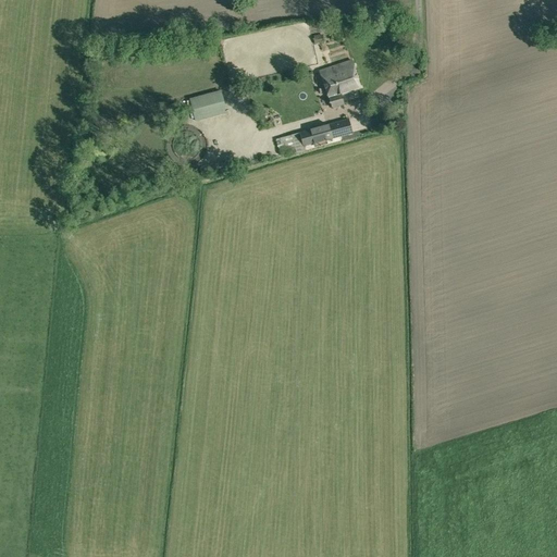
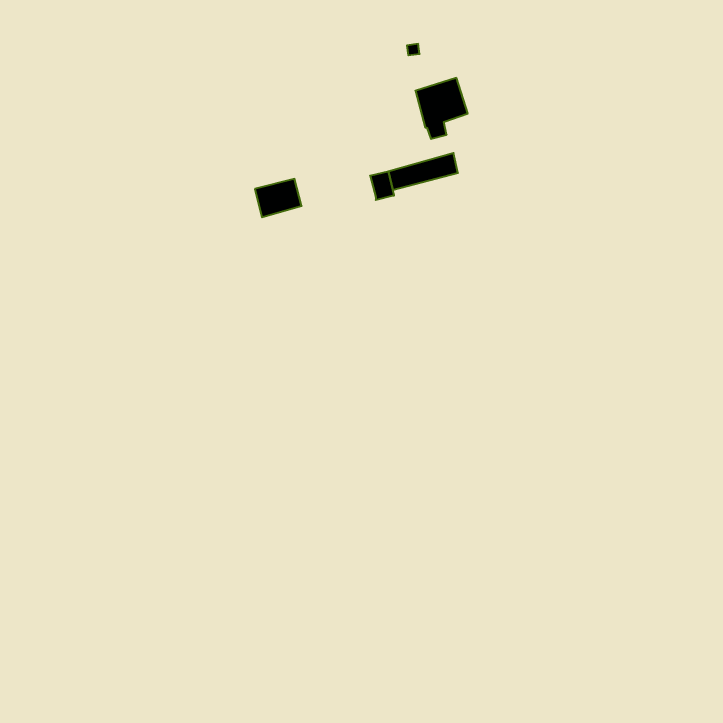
building: [188,90,224,120] -> [255,179,302,217]

